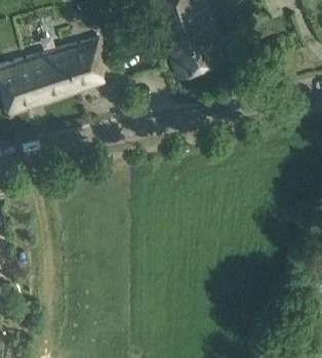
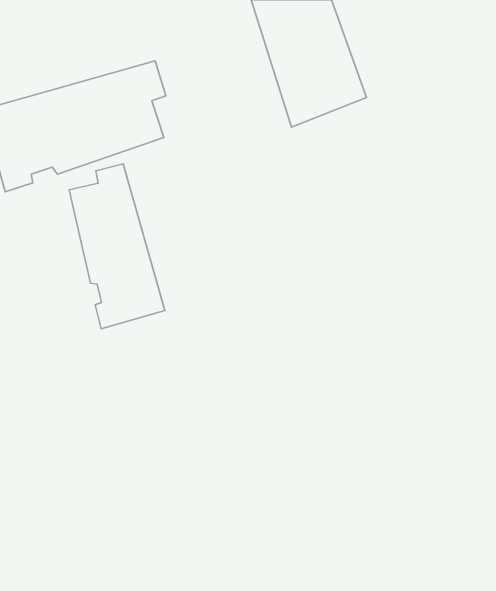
building: none -> [69,164,165,329]

